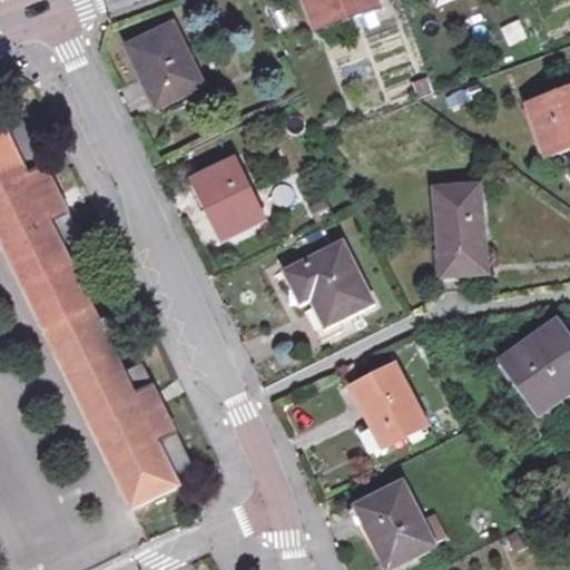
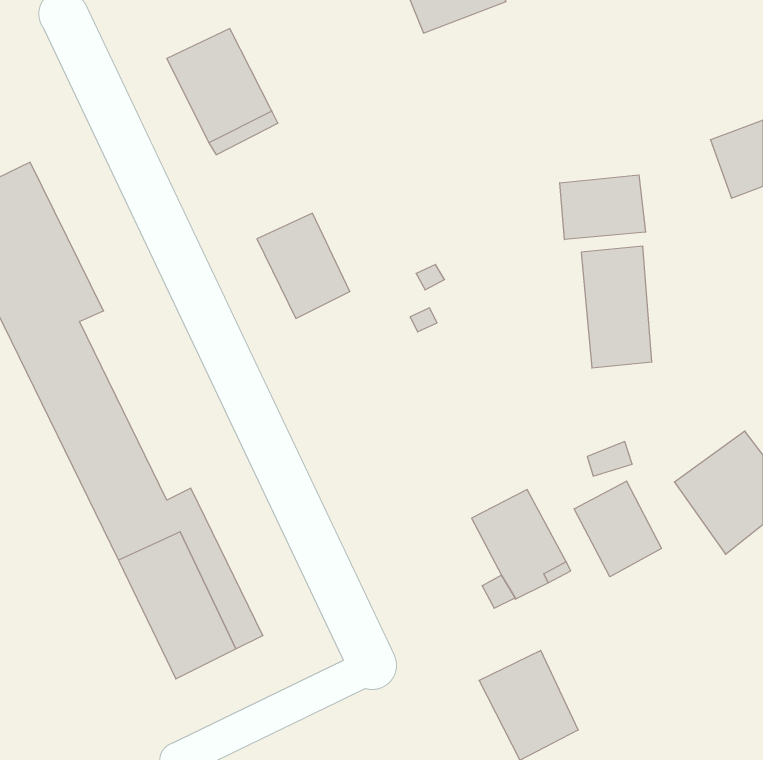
building: none -> [560,175,645,240]
building: [285,242,367,337] -> none
building: none -> [574,481,661,577]

